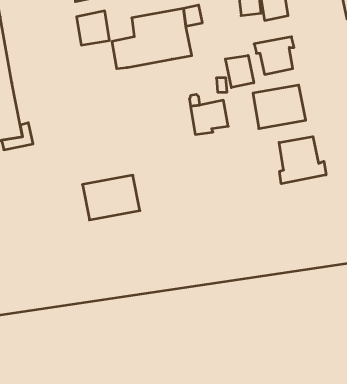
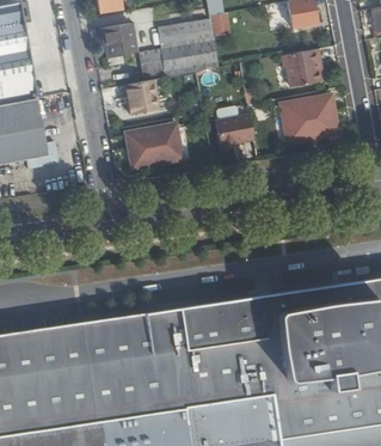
building: [225,55,254,88] -> none
building: none -> [127,79,159,114]
building: [279,137,326,184] -> none
building: [82,175,140,220] -> [121,126,179,171]

